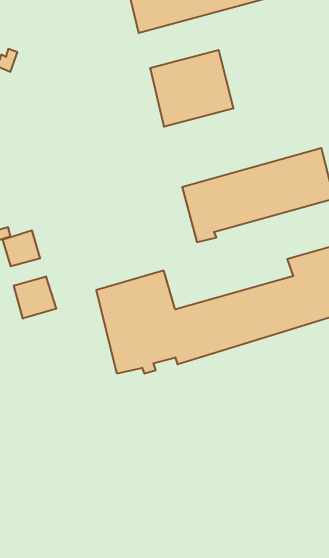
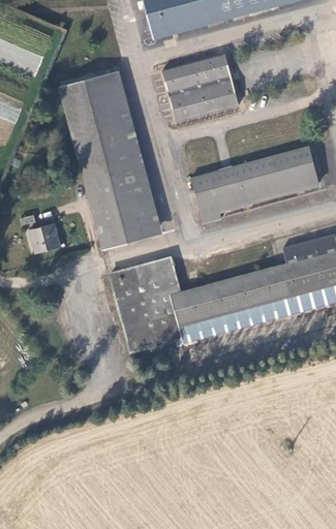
building: none -> [58,71,163,251]
building: [14,276,56,319] -> none

